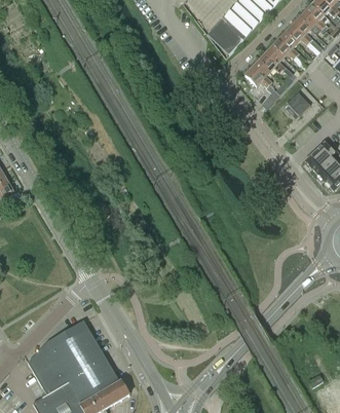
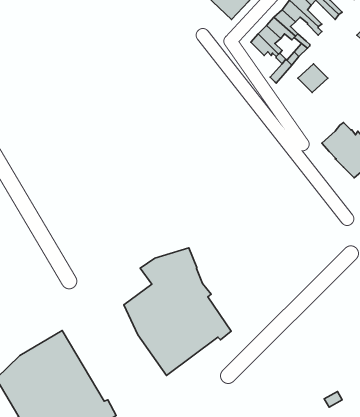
building: none -> [124,248,231,375]

